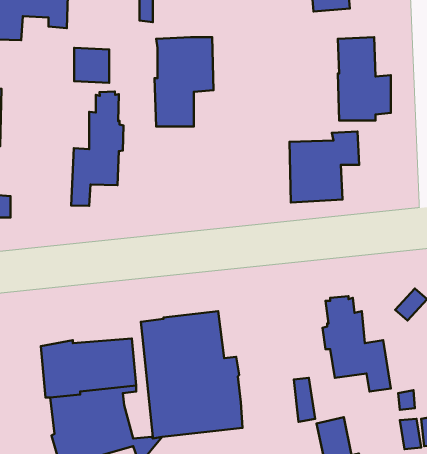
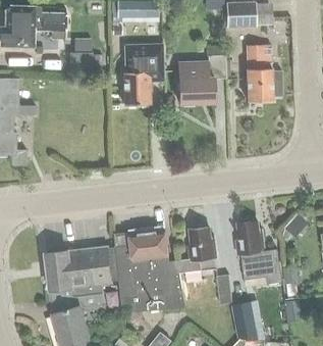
building: [71,91,124,206] -> none
building: [289,131,359,203] -> [178,55,225,103]
building: none -> [177,226,216,271]

